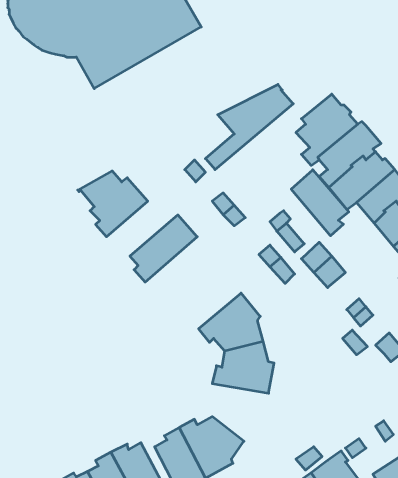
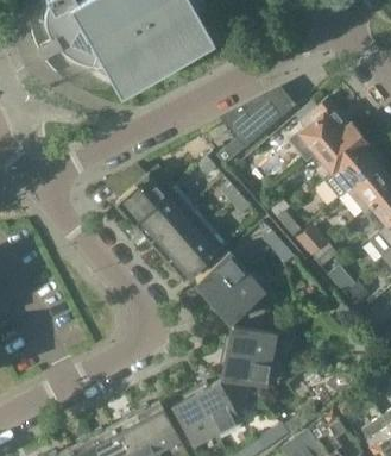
building: [291,170,349,236] -> none
building: none -> [132,185,194,241]
building: none -> [165,224,228,280]
building: none -> [197,252,248,304]
building: none -> [221,351,272,401]

